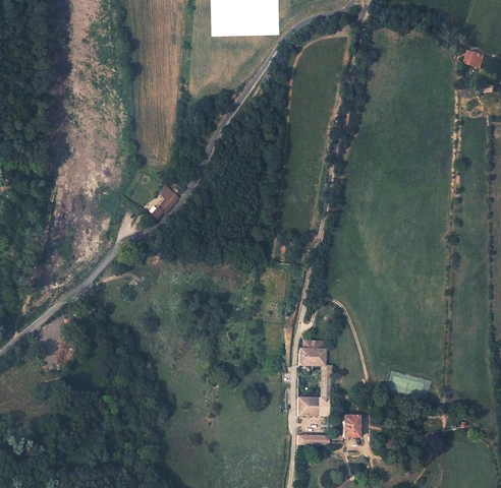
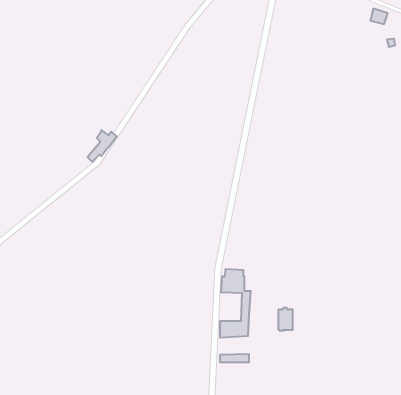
building: [343,412,359,437] -> [278,308,293,331]

